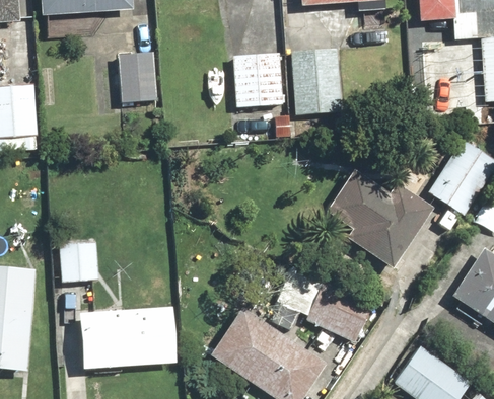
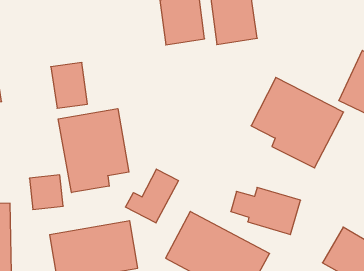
building: [120,54,157,103] -> [51,63,87,108]
building: none -> [58,109,129,193]
building: none -> [125,169,178,223]

